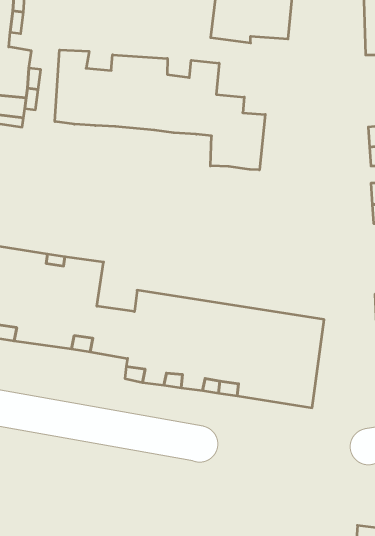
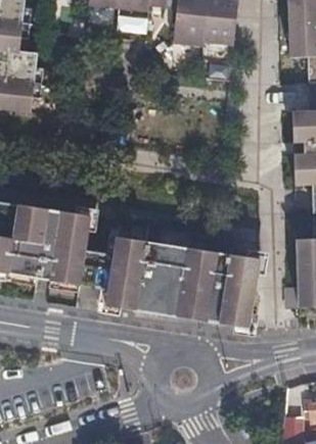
building: [55,50,265,170] -> none

